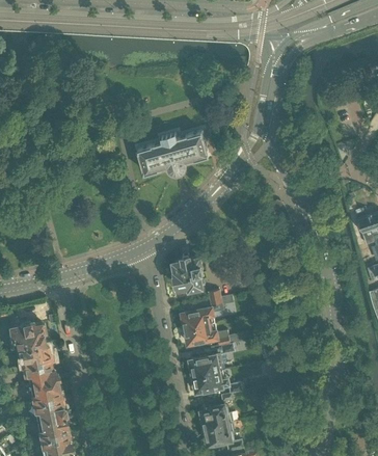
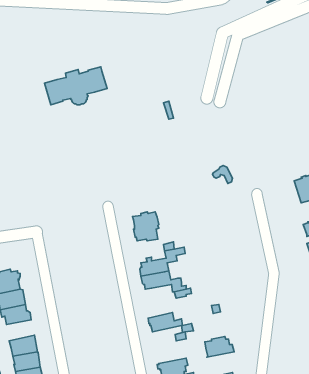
building: [137,131,209,175] -> [45,67,107,105]
building: [189,354,221,377] -> none
building: [28,379,62,403] -> none
building: [200,405,234,429] -> [205,336,234,357]

